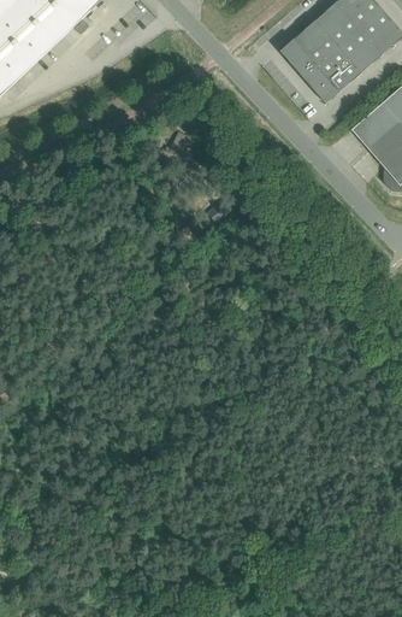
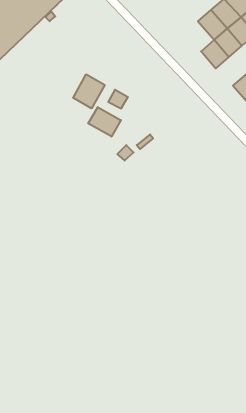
building: [279,33,324,77] -> none
building: none -> [73,74,105,108]
building: none -> [88,107,121,137]

